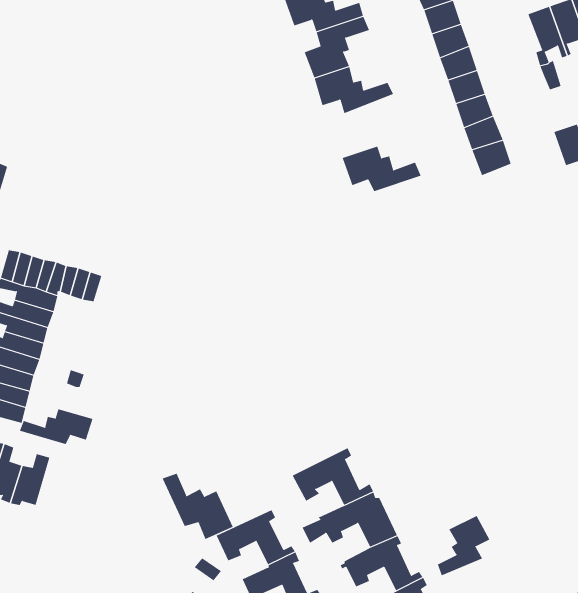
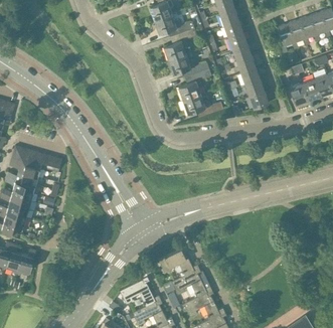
building: none -> [177,68,210,101]
building: [19,408,93,445] -> none
building: [162,473,233,540] -> none
building: [437,515,490,576] -> none

